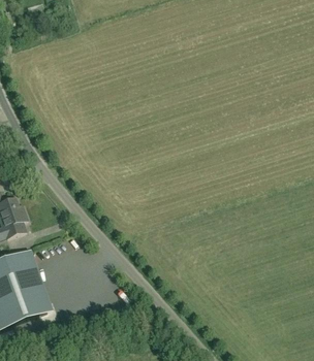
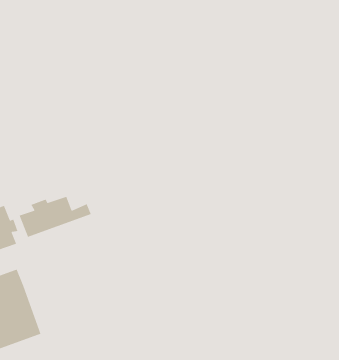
building: none -> [19,196,92,238]

